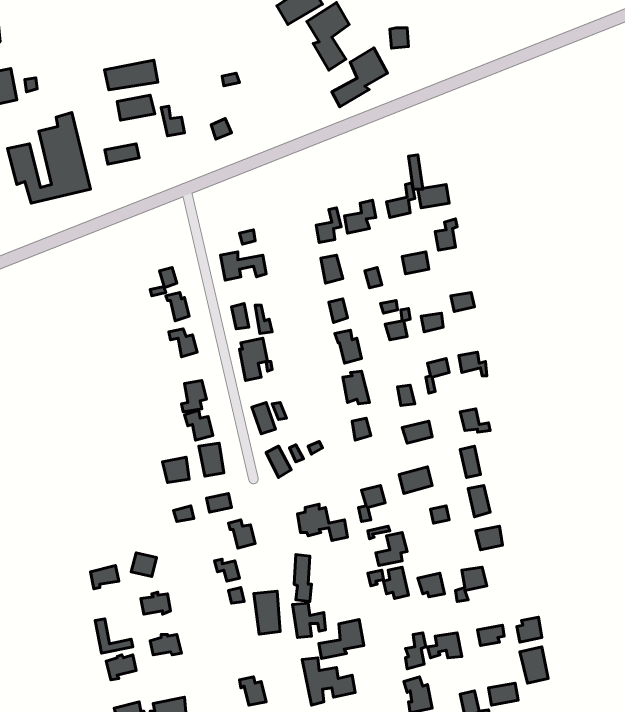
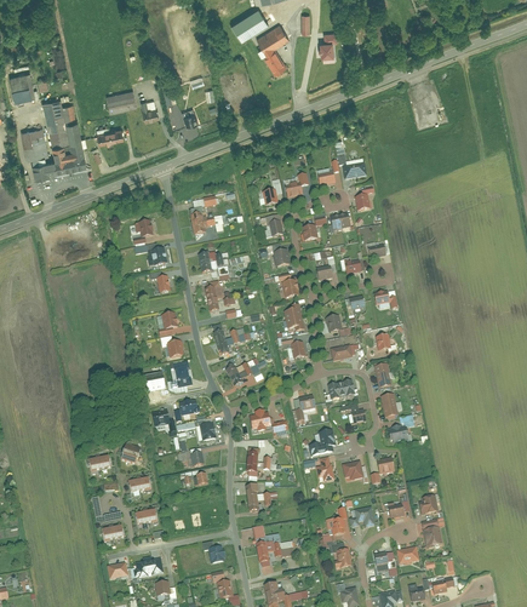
building: [332,48,388,107] -> none
building: [104,60,158,90] -> none
building: [254,591,280,634] -> none
building: [319,619,364,659] -> none

